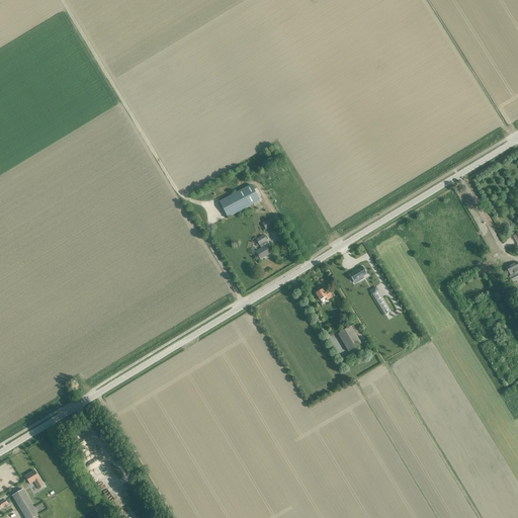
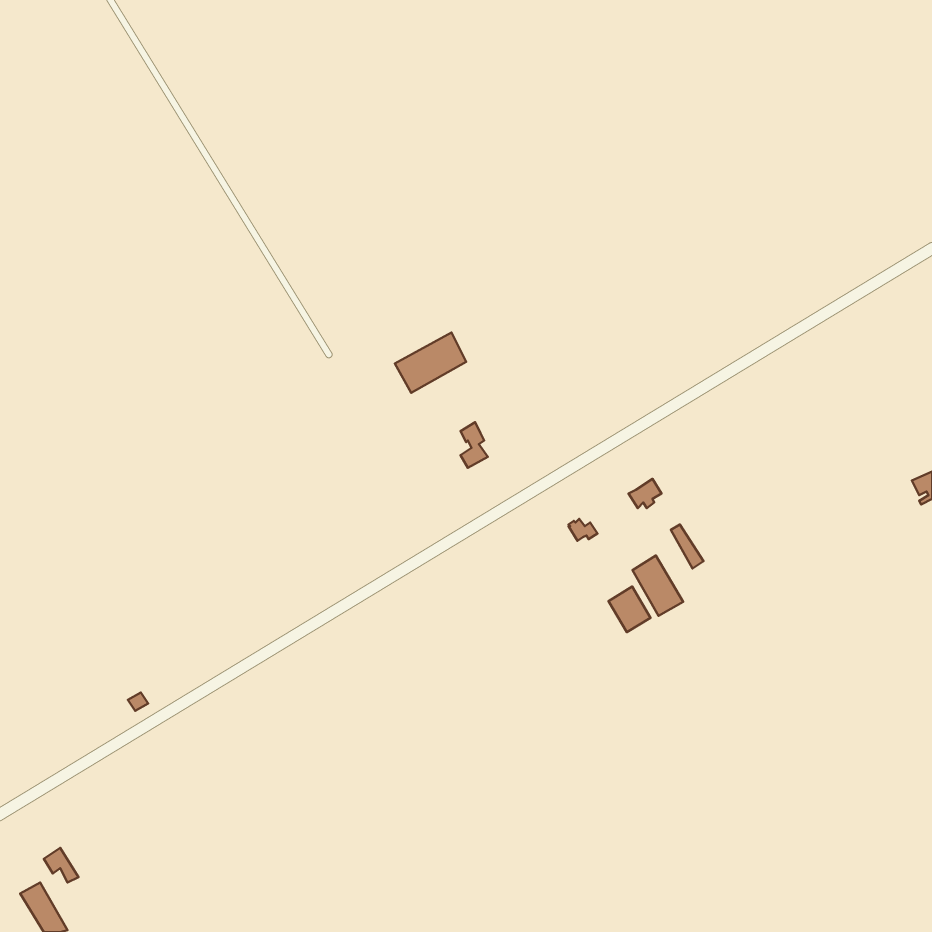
building: none -> [633,555,683,616]

